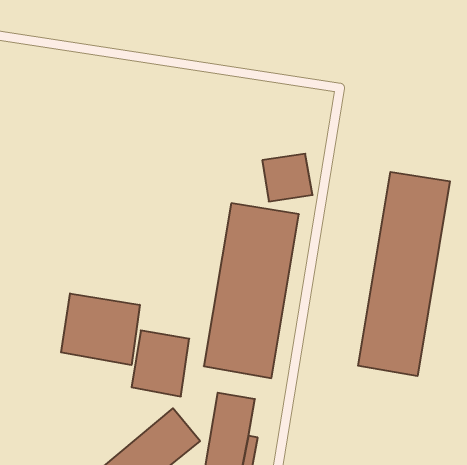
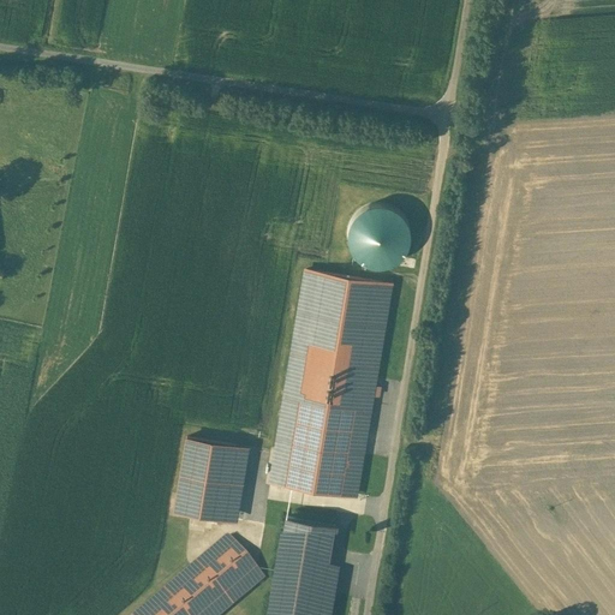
building: [358,172,450,376] -> none
building: [61,293,140,365] -> none

